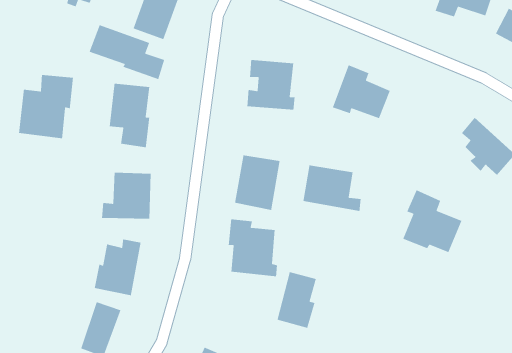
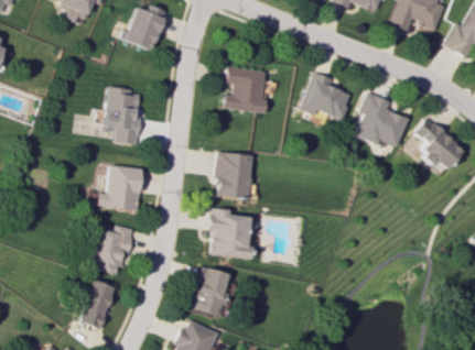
building: [89,24,165,80] -> none
building: [18,74,74,139] -> none
building: [302,164,361,212] -> none
building: [402,189,462,253] -> [355,91,408,147]
building: [277,271,317,329] -> [194,266,229,317]

